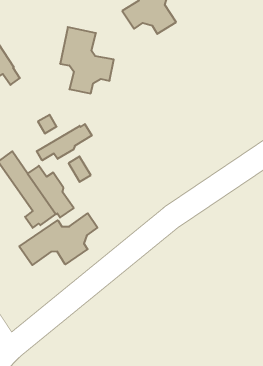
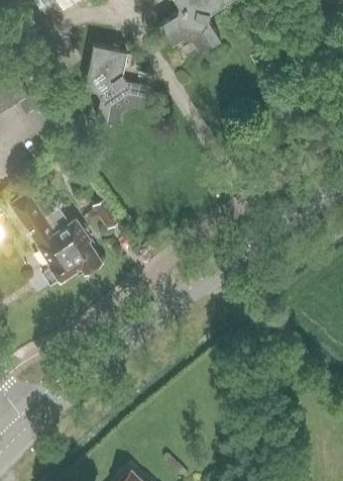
building: [37,124,92,160] -> none
building: [19,213,97,265] -> none

